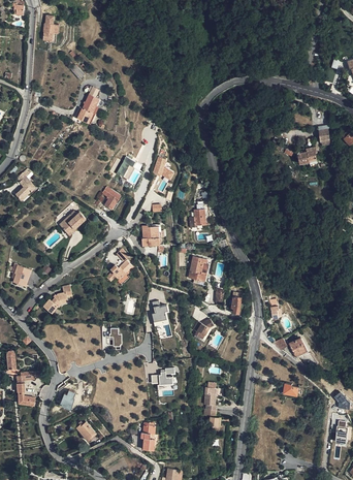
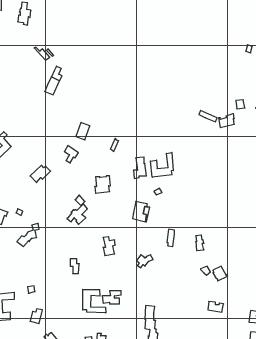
building: none -> [150,152,173,177]
building: none -> [83,289,106,313]

